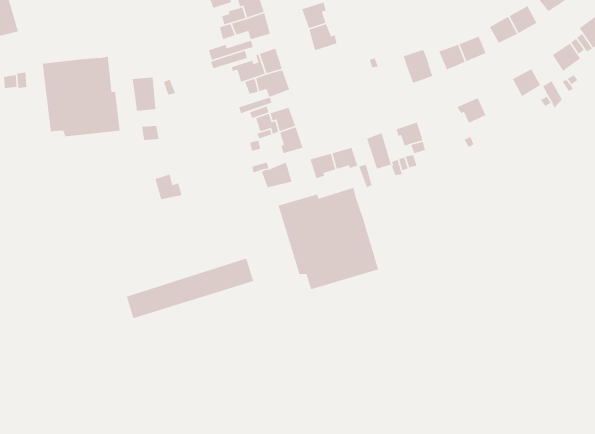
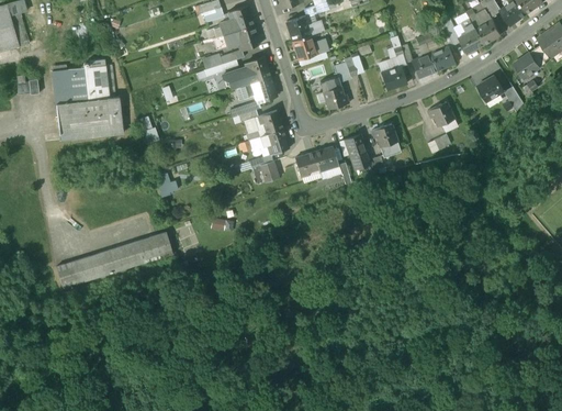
building: none -> [316,77,348,109]
building: [132,77,158,112] -> none
building: [278,187,379,290] -> none
building: [126,257,254,319] -> [56,232,172,288]

